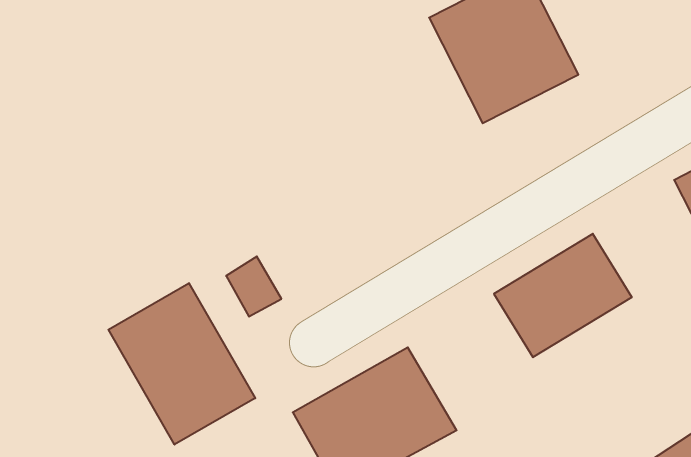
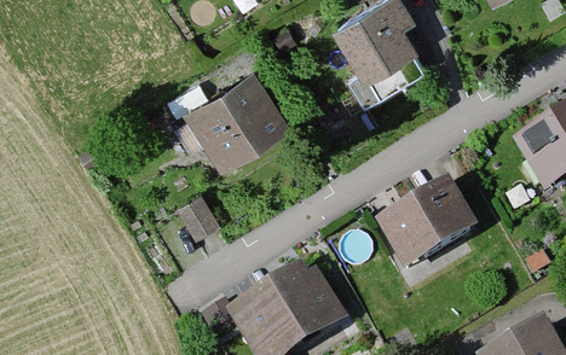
building: none -> [180,70,295,177]
building: [108,283,255,445] -> none

